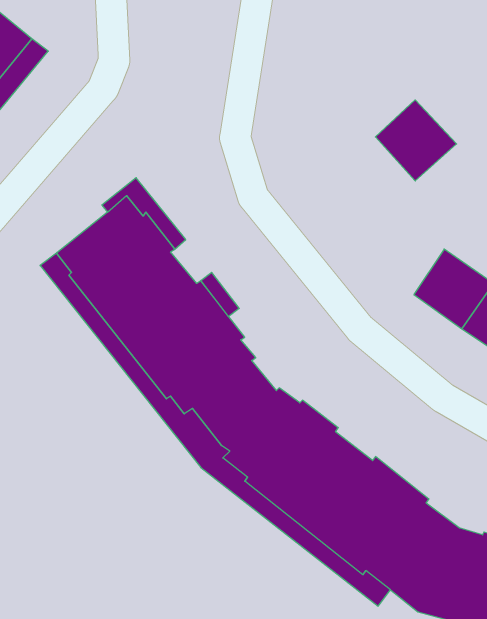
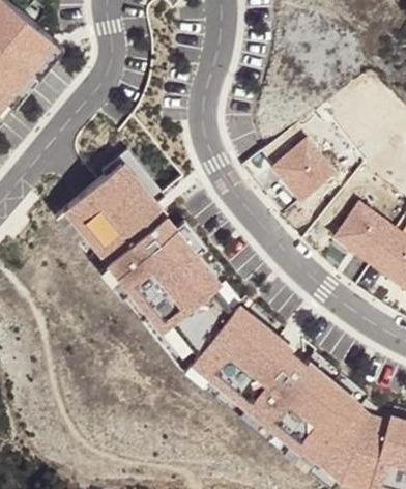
building: [375,100,457,181] -> [276,137,337,198]

